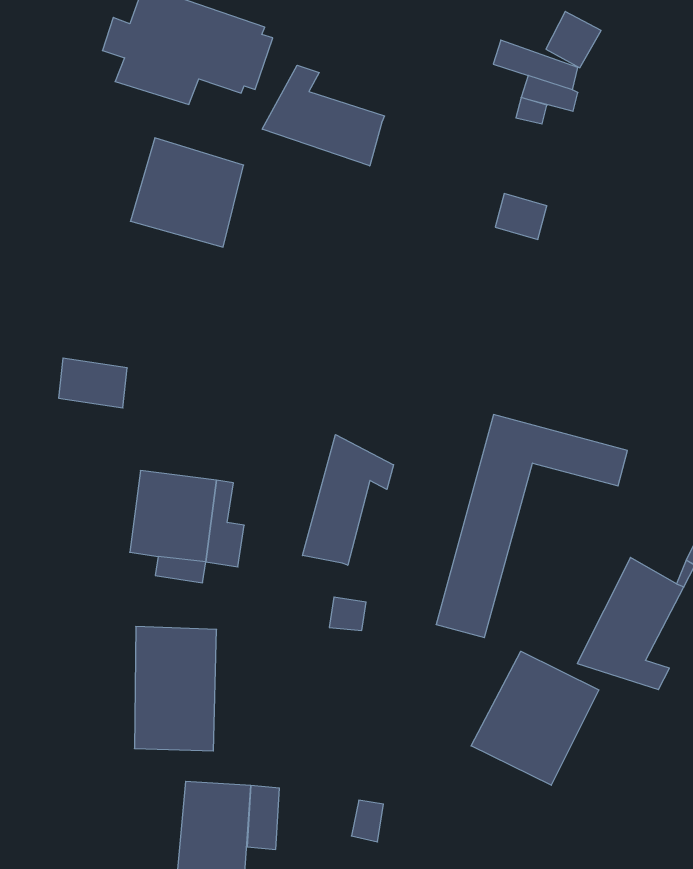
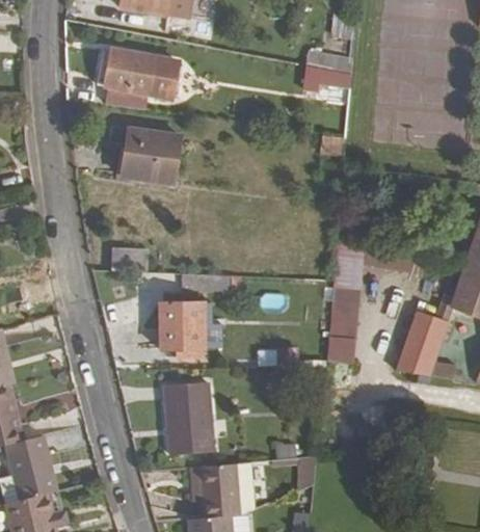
building: [262,65,384,166] -> none
building: [303,435,394,565] -> none
building: [471,651,599,785] -> none

